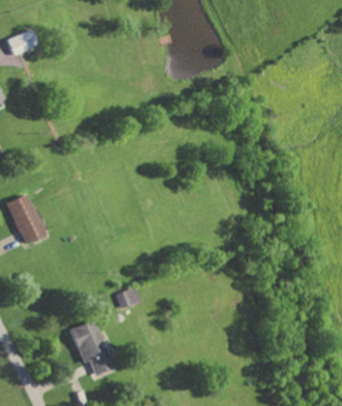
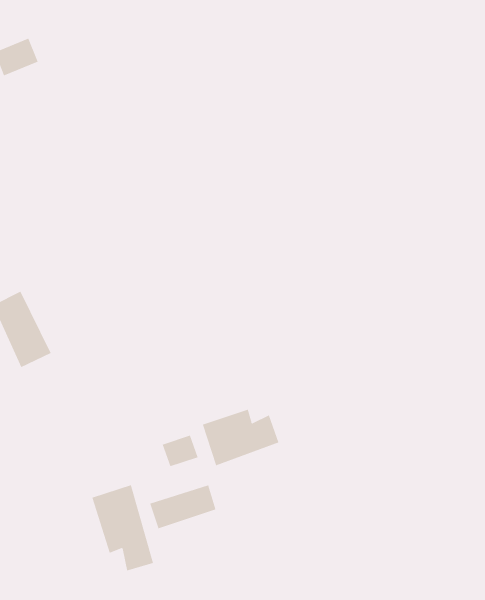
building: none -> [202,409,279,466]
building: none -> [150,485,216,529]

